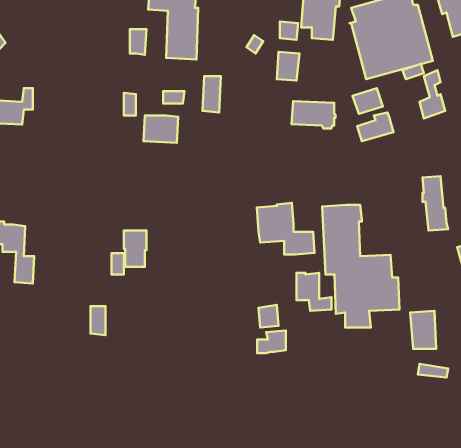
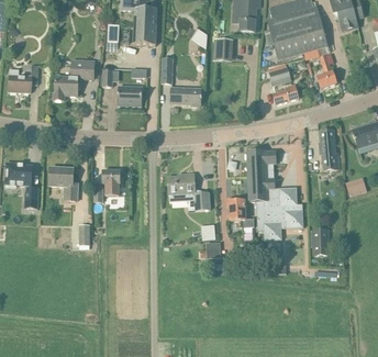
building: none -> [53,60,94,100]
building: [292,101,336,129] -> [170,87,202,107]
building: [257,203,315,254] -> [168,172,210,210]
building: none -> [49,167,78,200]

